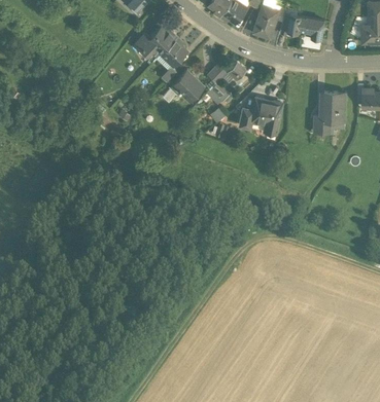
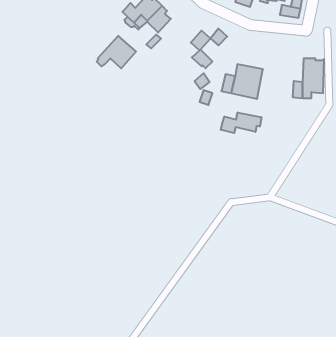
building: [164,69,205,103] -> [97,36,136,68]
building: none -> [221,112,262,133]

